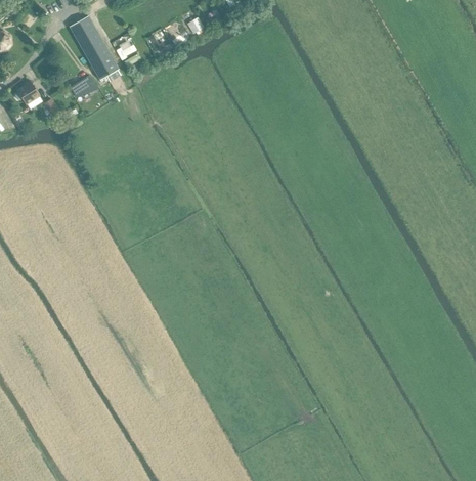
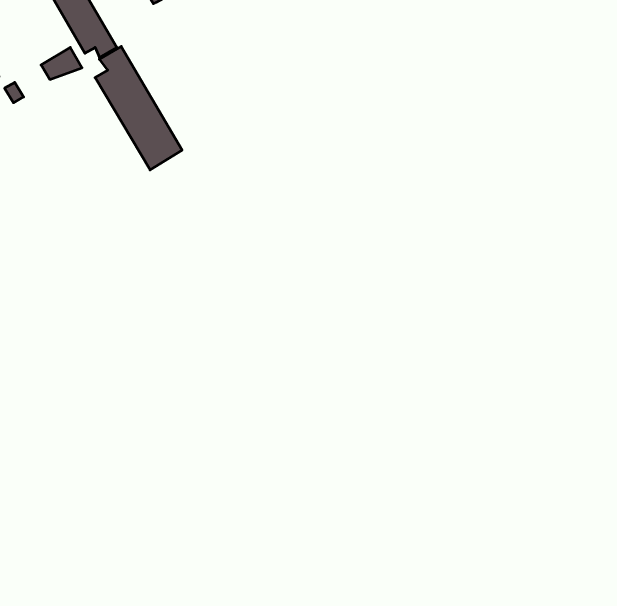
building: none -> [95,46,182,170]

